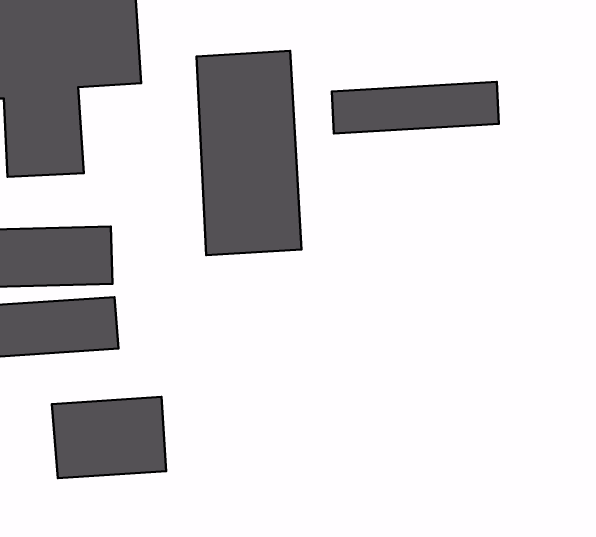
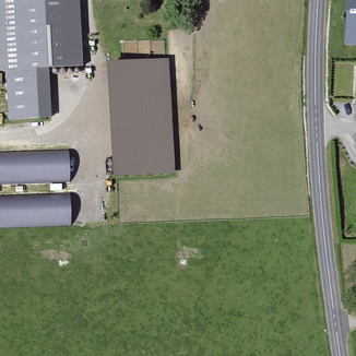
building: [332,82,499,133] -> none
building: [52,397,166,478] -> none

